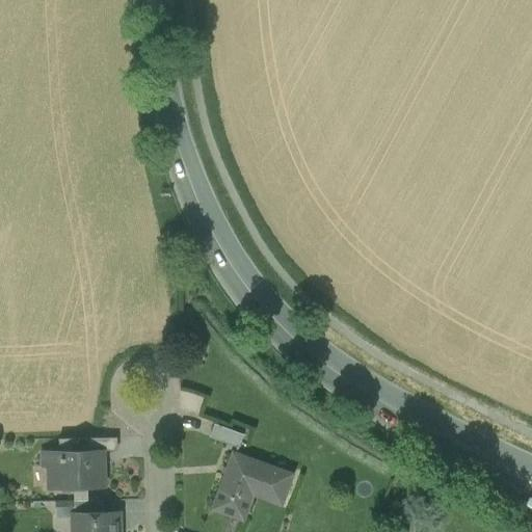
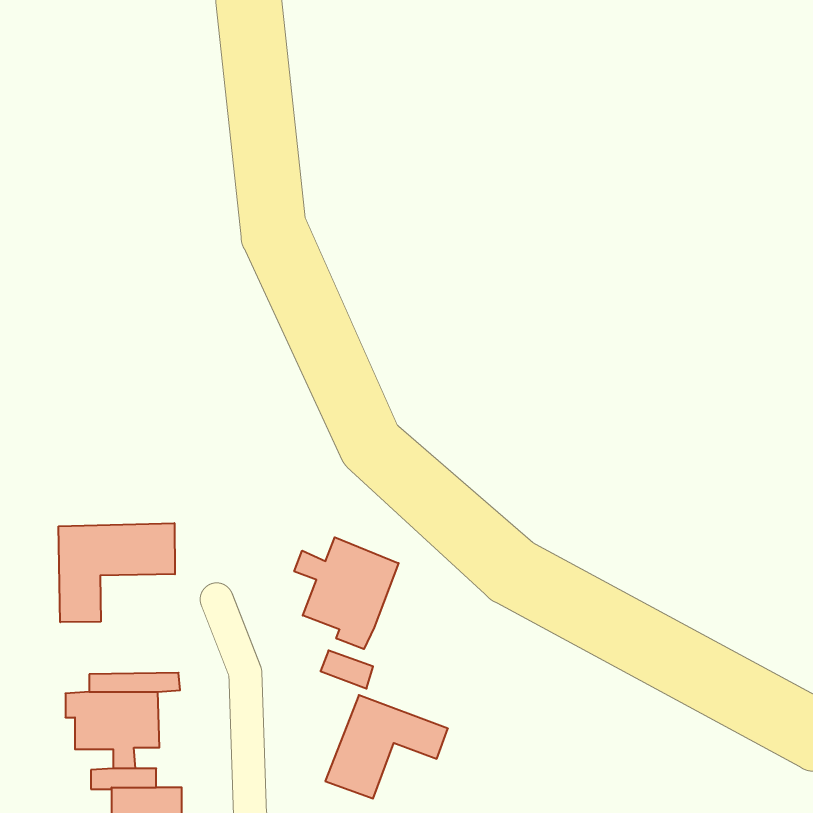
building: none -> [59,523,175,622]
building: none -> [294,537,399,649]

